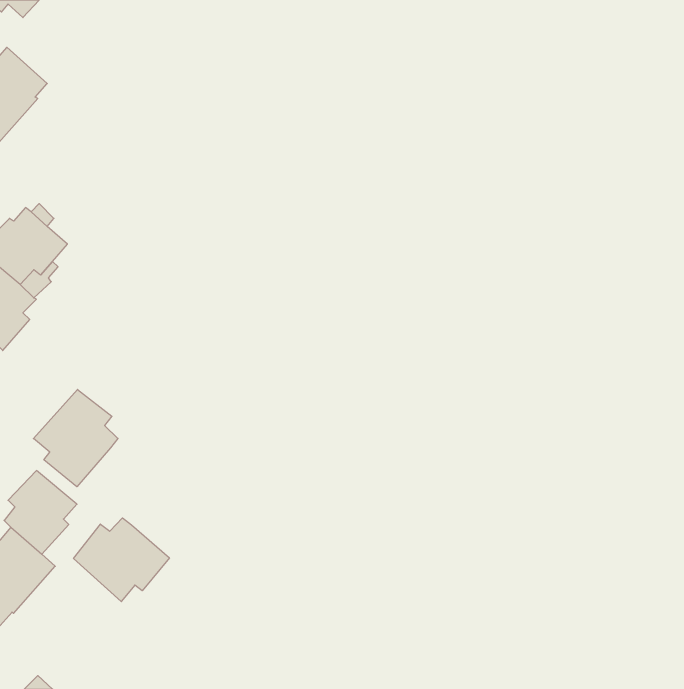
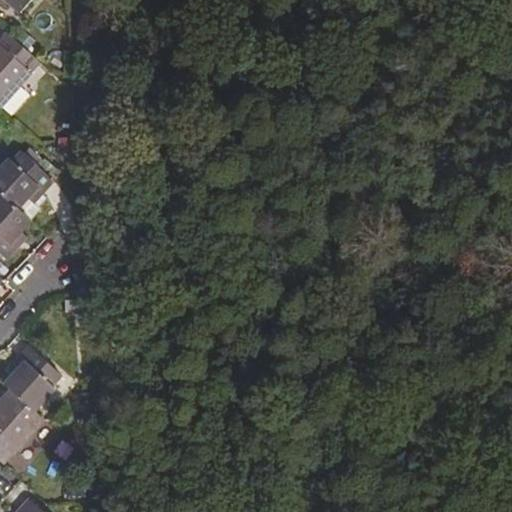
building: [33,389,118,487] -> none
building: [74,518,169,602] -> none

